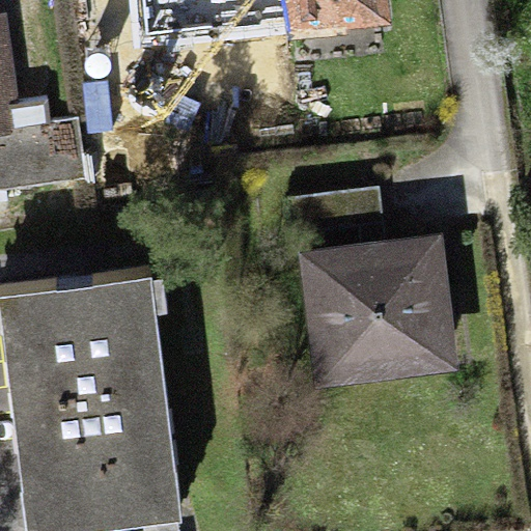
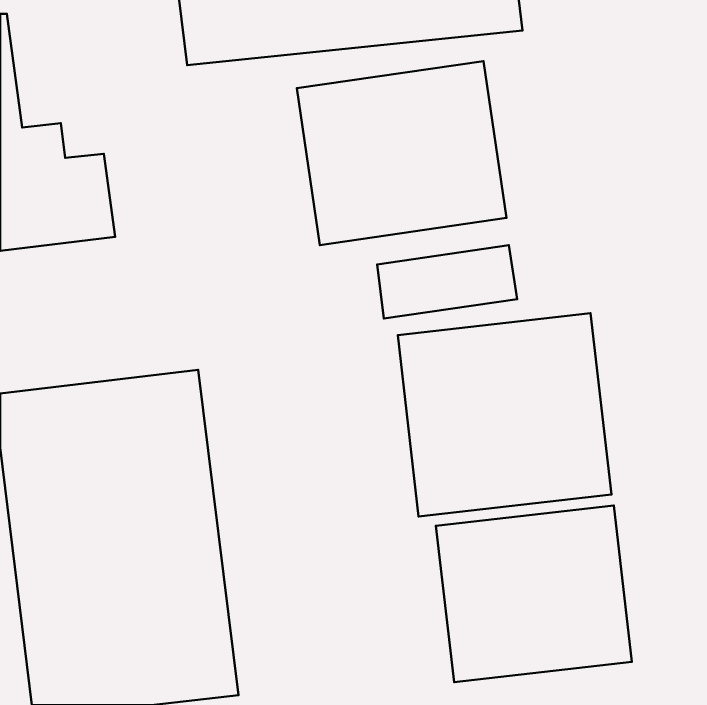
building: none -> [297,61,506,245]
building: none -> [436,505,632,682]

